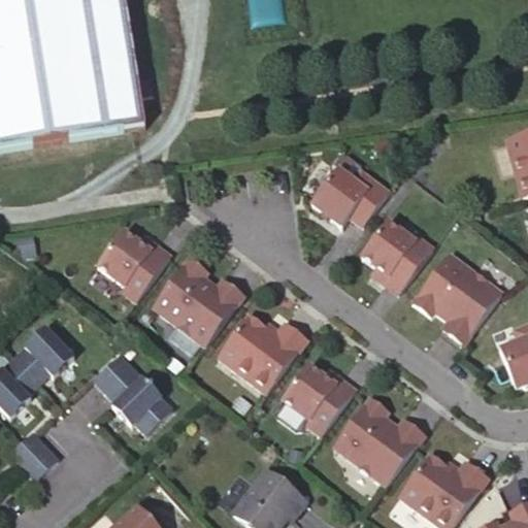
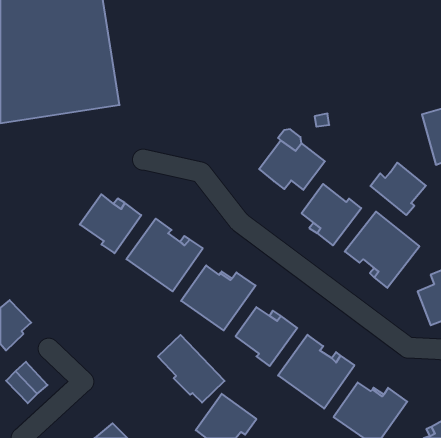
building: none -> [370,163,426,215]
building: [13,327,73,384] -> none
building: [93,354,172,434] -> [158,335,225,403]

